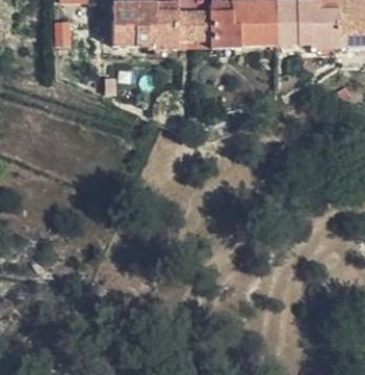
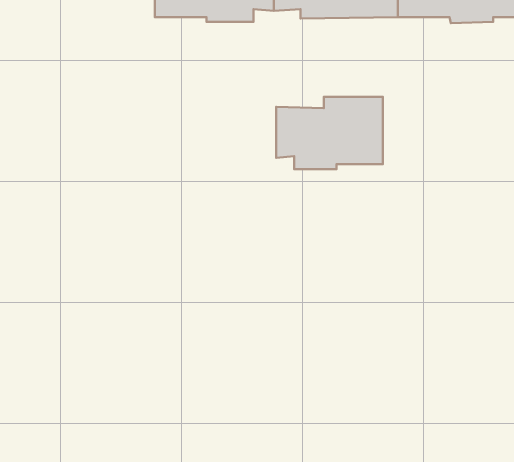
building: none -> [276,97,383,169]

